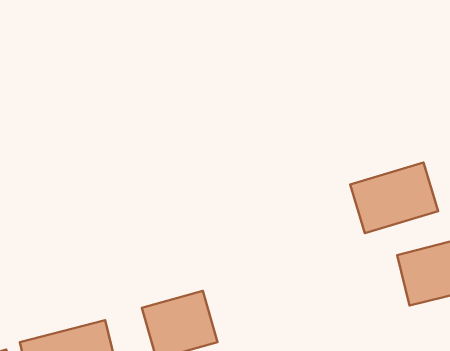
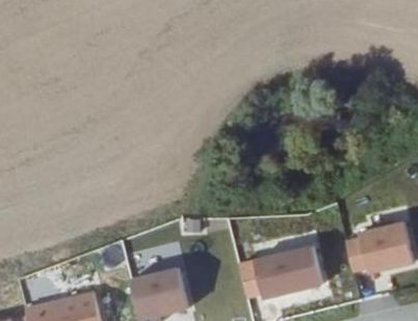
building: [350,162,438,233] -> [250,242,324,302]

